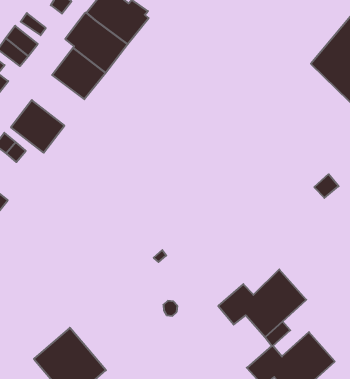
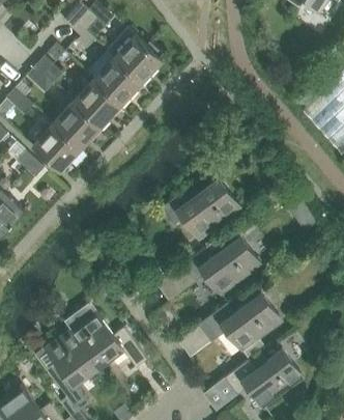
building: none -> [53,103,99,148]
building: none -> [161,180,238,237]
building: none -> [182,237,260,295]
building: none -> [69,310,147,369]

